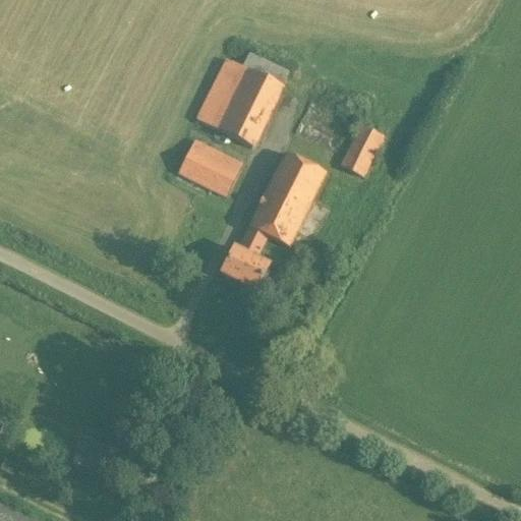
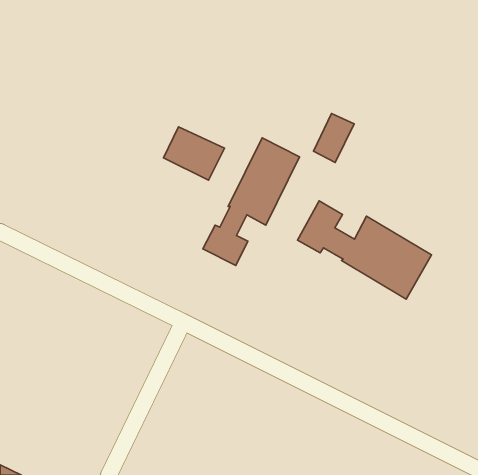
building: [196,56,283,144] -> none
building: none -> [297,201,431,299]

